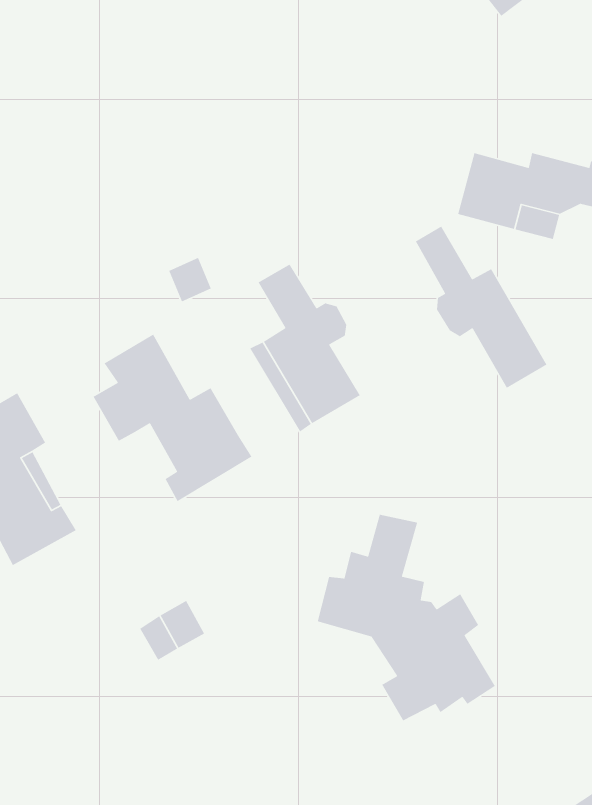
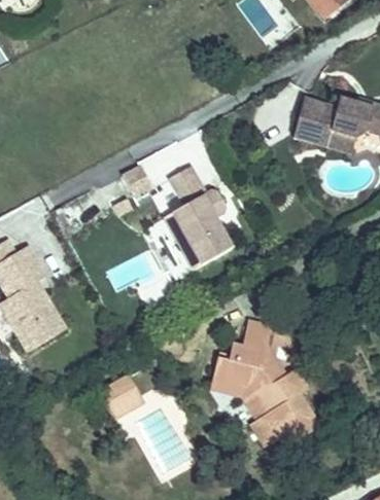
building: [415,225,548,389] -> none
building: [92,333,253,502] -> none

